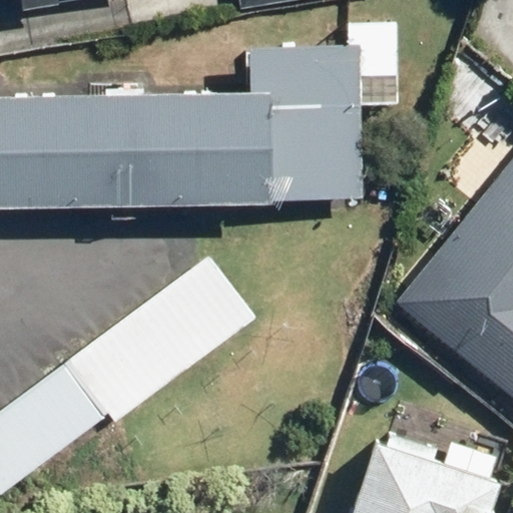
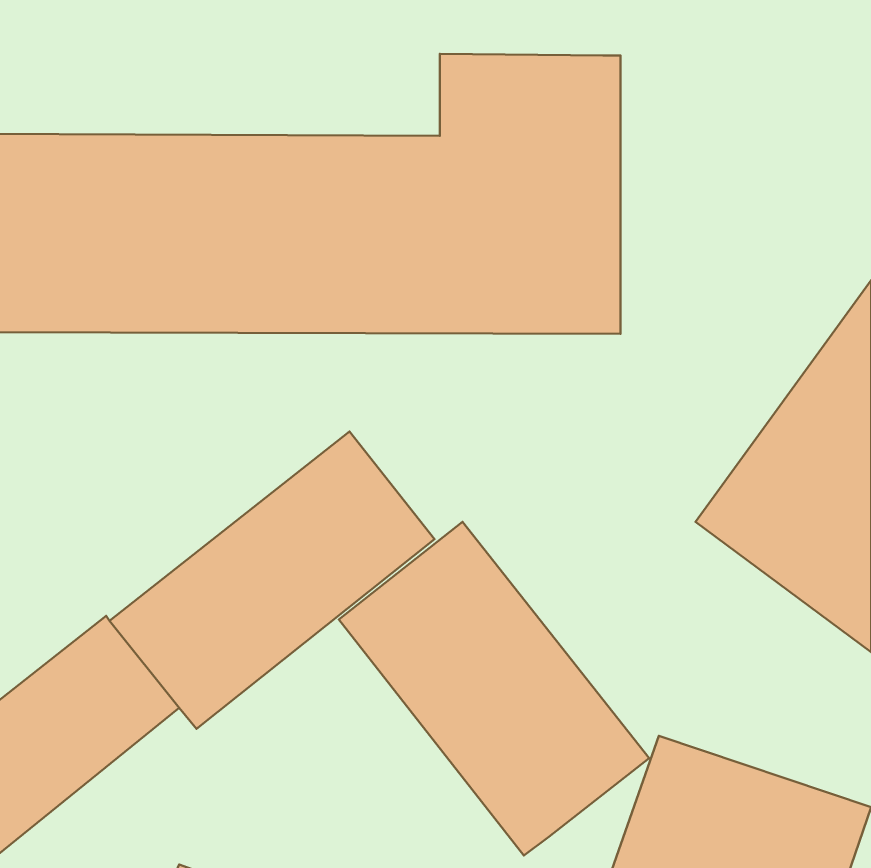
building: none -> [339,522,649,856]

